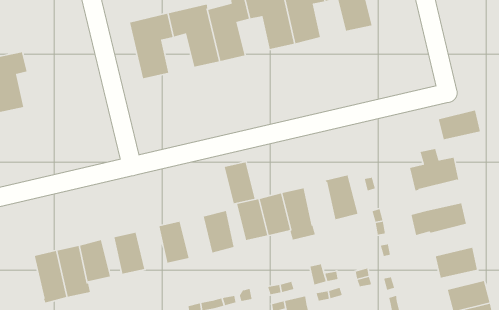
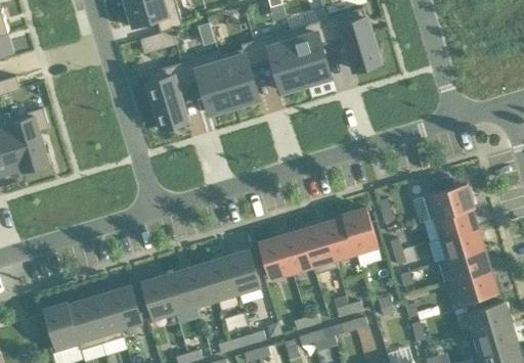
building: [438,109,481,140] -> [435,207,477,238]
building: [224,162,256,204] -> [206,257,238,299]
building: none -> [323,217,355,259]
building: none -> [438,248,490,284]
building: none -> [164,269,195,312]
building: none -> [44,303,79,352]

